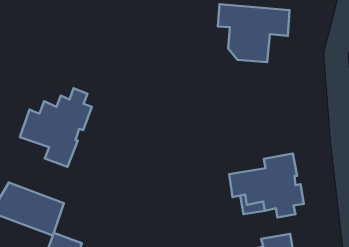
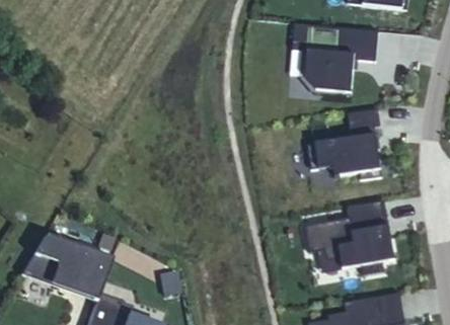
building: none -> [308,108,383,179]
building: [20,88,92,167] -> none

